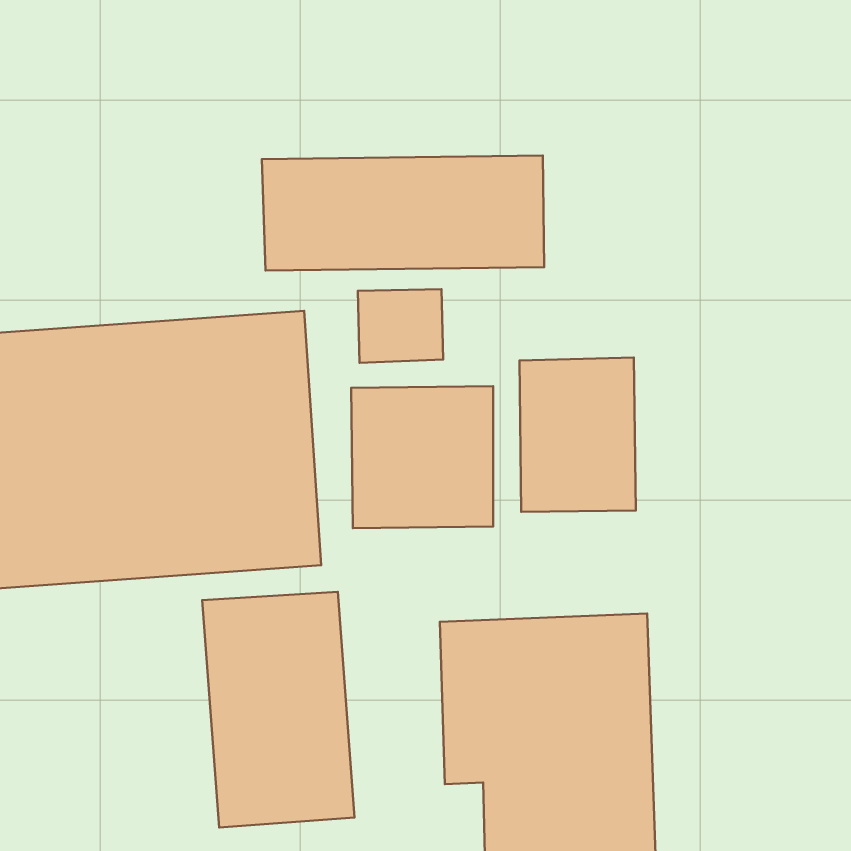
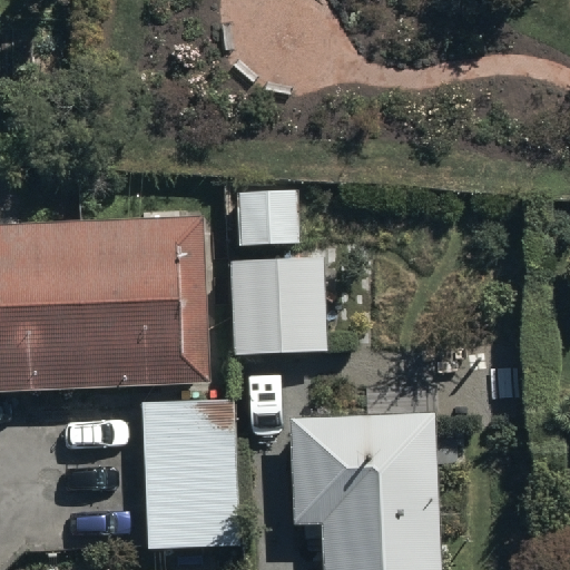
building: [262,156,544,271] -> none
building: [519,357,636,512] -> none

